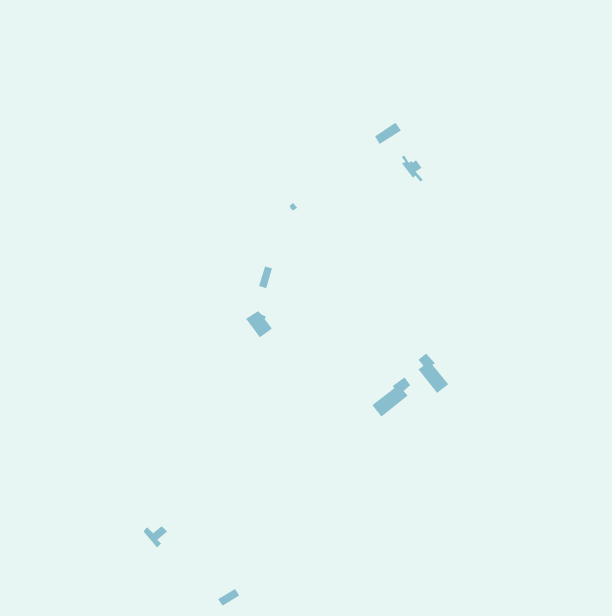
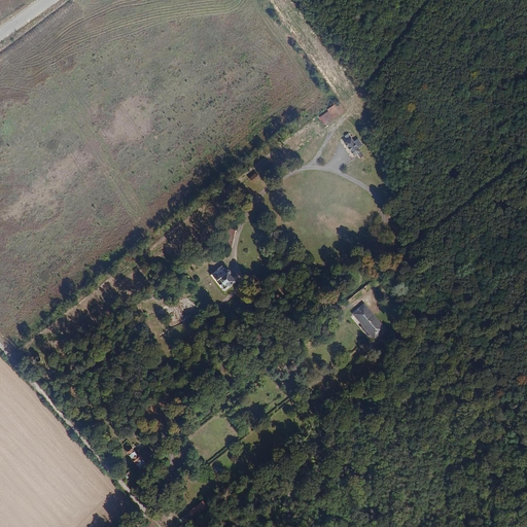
building: [372,376,411,417] -> none

